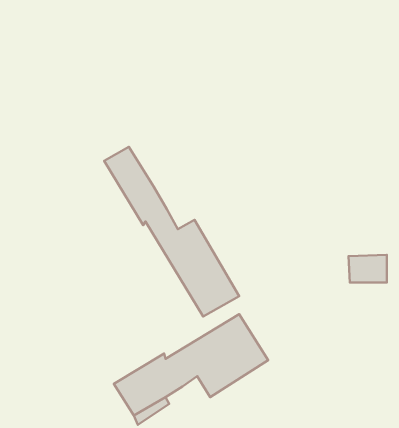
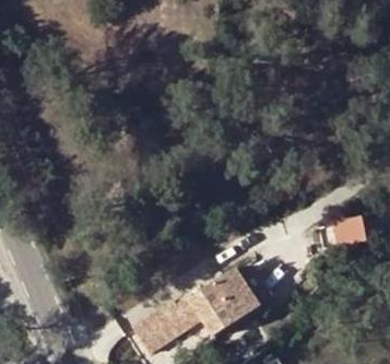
building: [104,147,239,316] -> none

